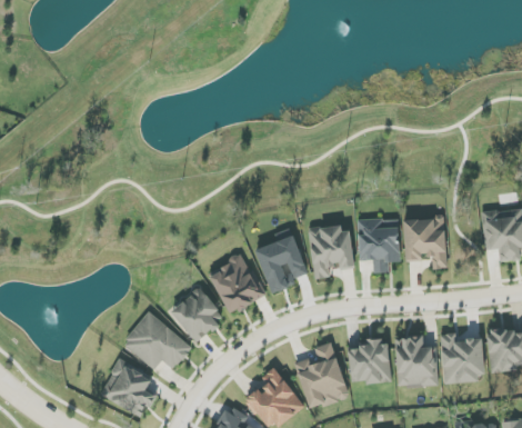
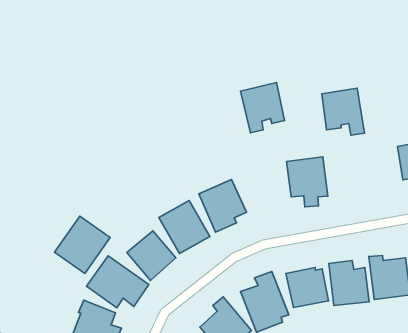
building: [403,217,448,269] -> [322,88,364,135]
building: [308,225,354,279] -> [241,83,284,133]
building: none -> [54,216,110,274]

